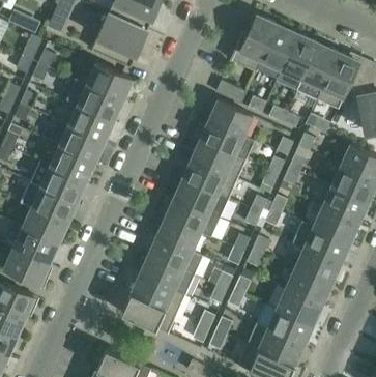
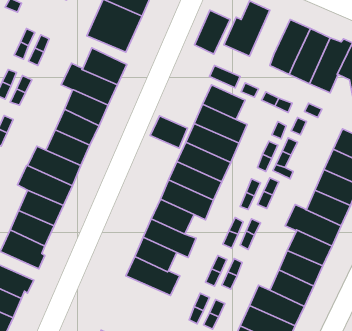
building: [261,25,297,69] -> [195,10,230,54]
building: none -> [150,116,188,148]
building: [121,294,176,335] -> none

